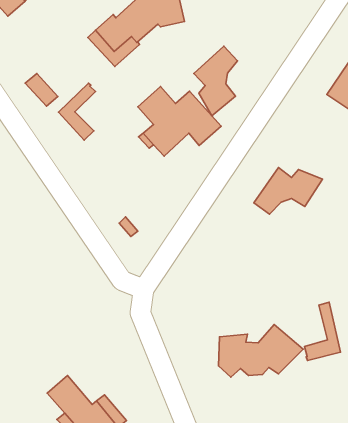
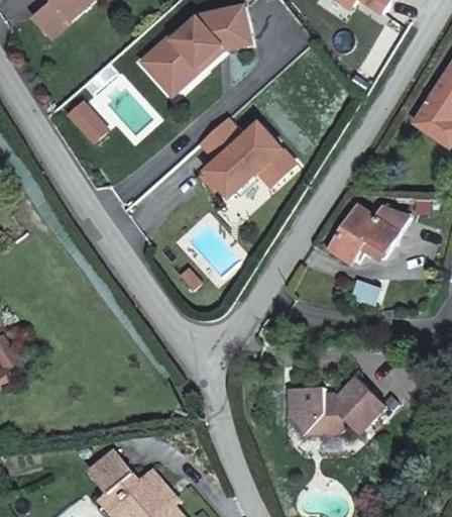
building: [194,46,238,116] -> none
building: [58,83,95,140] -> none
building: [305,302,341,361] -> none

